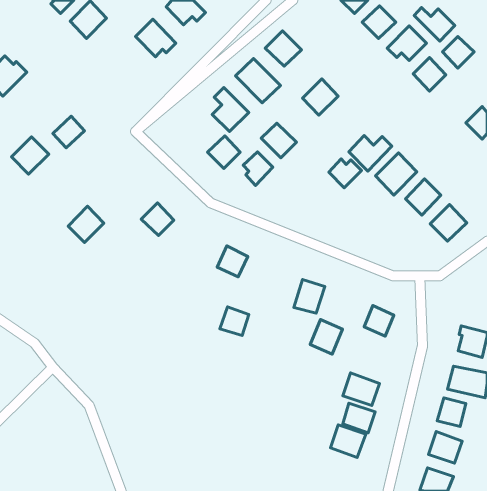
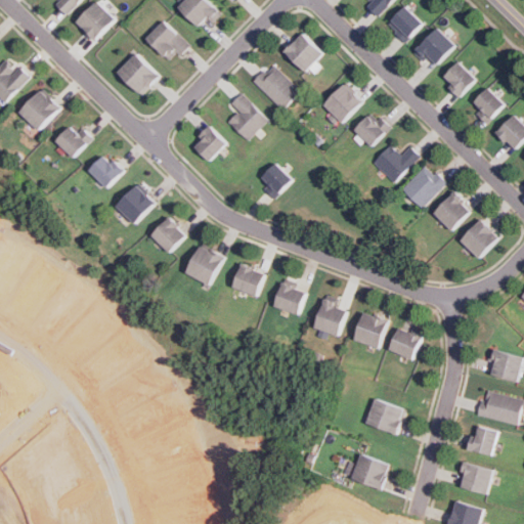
building: [414,8,455,41] -> none
building: [442,36,474,68] -> [470,88,504,122]
building: none -> [117,54,158,95]
building: [261,123,297,158] -> none
building: [208,136,240,168] -> [189,127,224,162]
building: [11,137,49,174] -> [18,90,58,130]
building: none -> [88,154,121,187]
building: [329,159,361,188] -> [353,116,388,146]
building: [68,206,104,243] -> [116,183,154,222]
building: none -> [185,244,223,283]
building: [220,307,249,336] -> [273,281,304,312]
building: [310,320,343,354] -> [352,310,387,347]
building: [343,403,375,433] -> none

